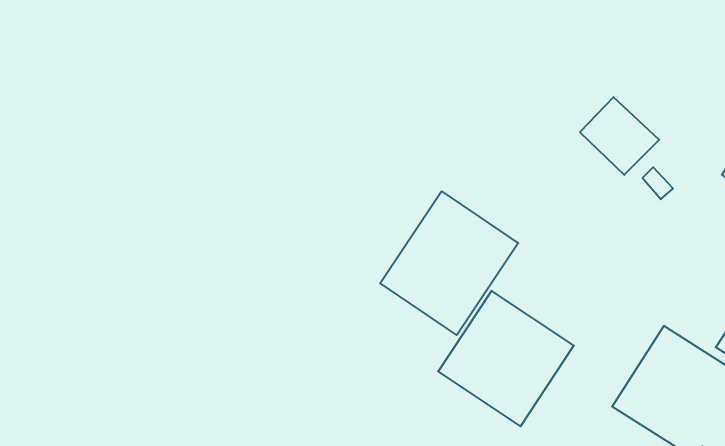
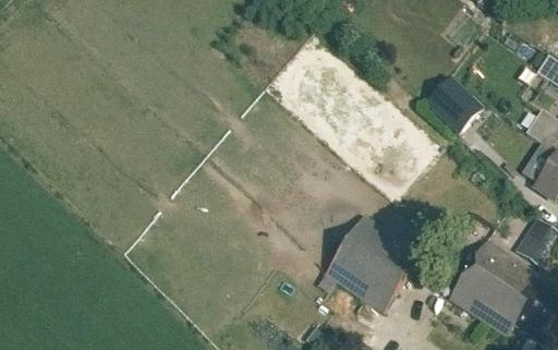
building: [380,191,518,335] -> none

